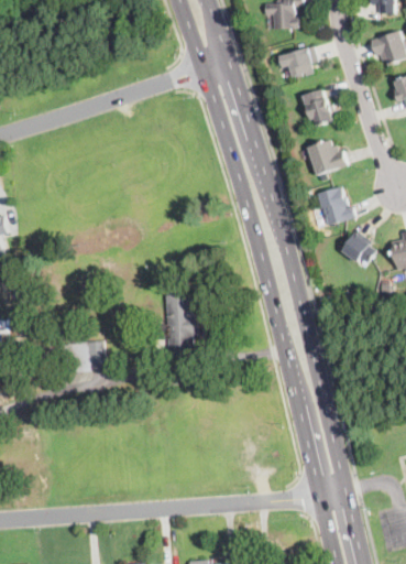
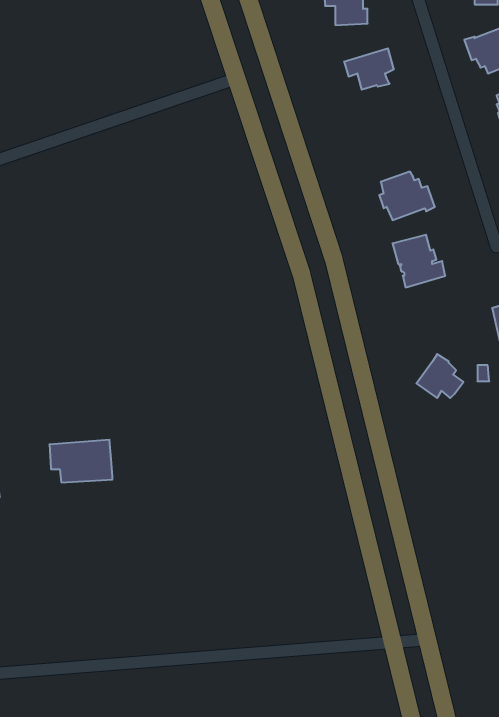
building: [301,88,333,127] -> none
building: [342,229,377,262] -> [416,354,463,398]
building: [157,294,197,358] -> none

